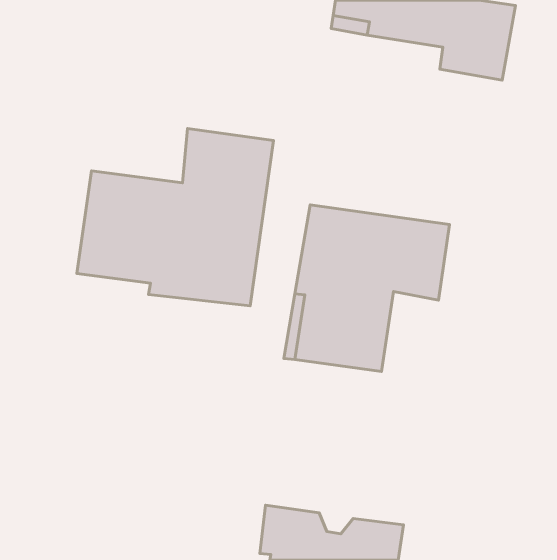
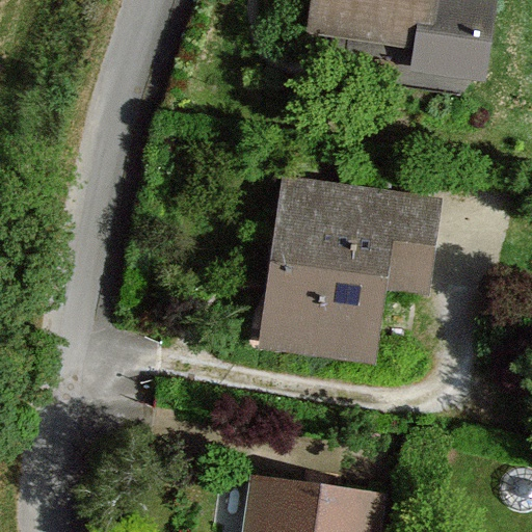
building: [77,129,273,306] -> none

